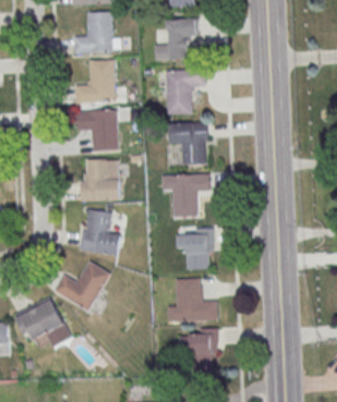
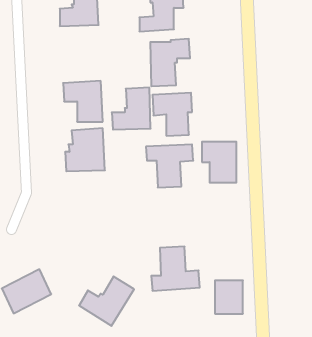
building: [74,60,113,102] -> [112,88,151,130]
building: [77,209,121,256] -> none
building: [177,229,212,270] -> [202,142,236,183]
building: [53,260,109,310] -> [79,276,134,326]
building: [188,329,216,363] -> [215,280,243,314]

